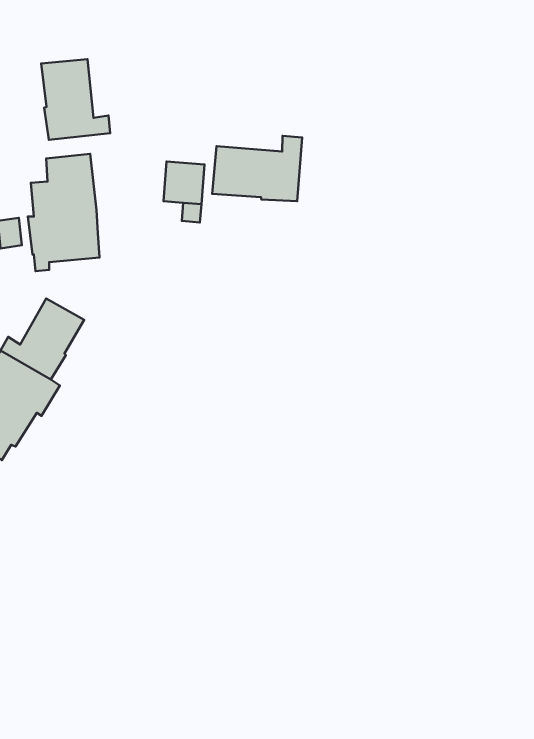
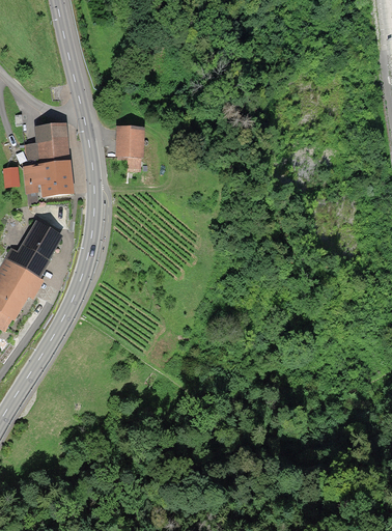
building: [41,59,110,140] -> none
building: [212,136,302,201] -> none

